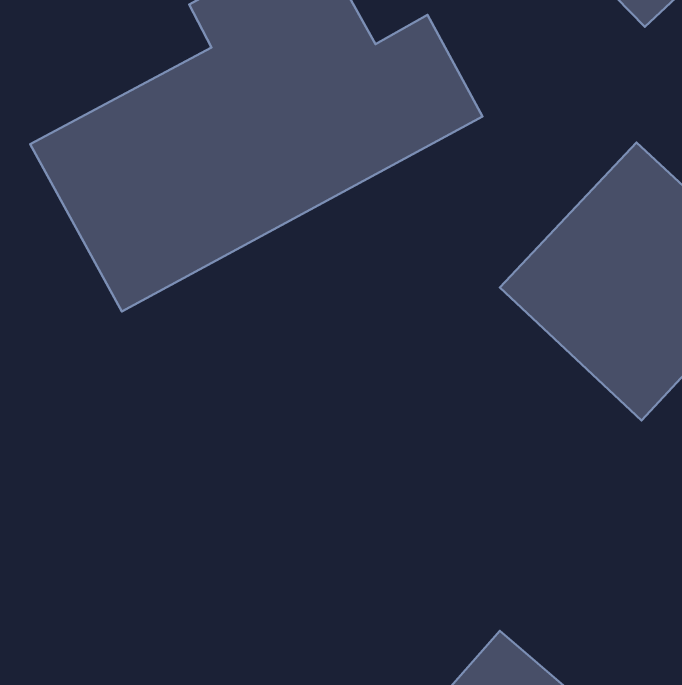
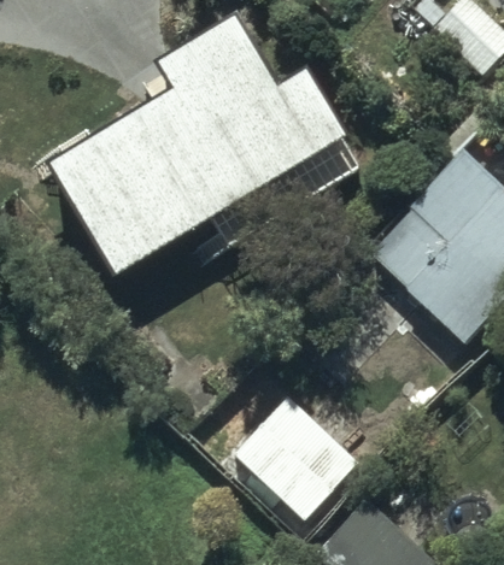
building: none -> [219,388,358,528]

